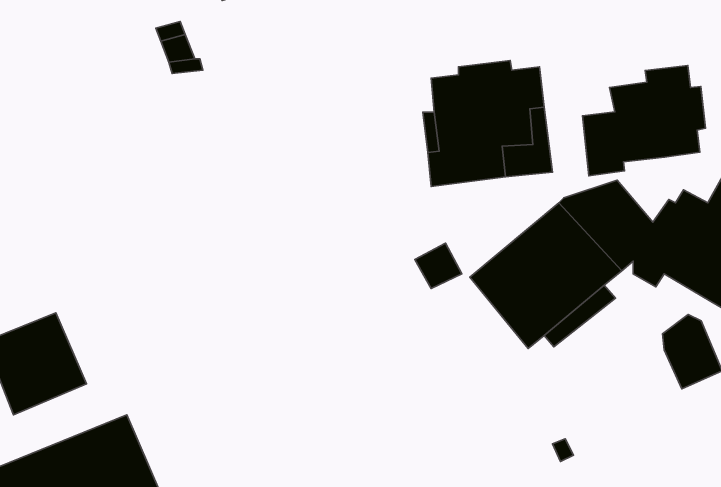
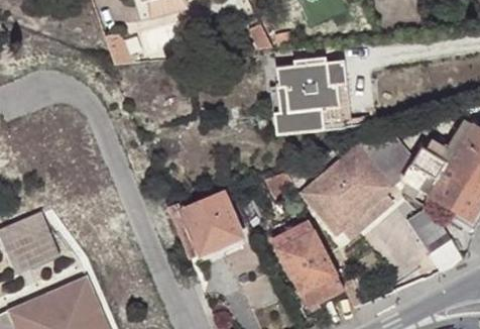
building: [583,65,705,176] -> none
building: none -> [169,190,246,258]
building: none -> [272,221,342,310]

